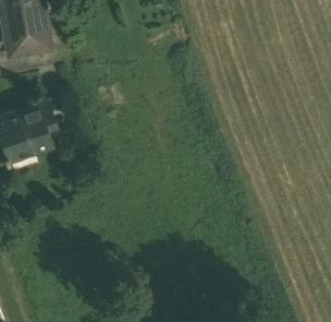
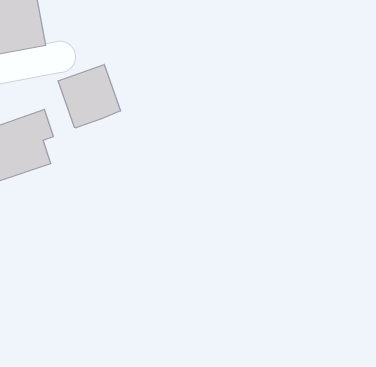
building: none -> [58,64,121,128]

